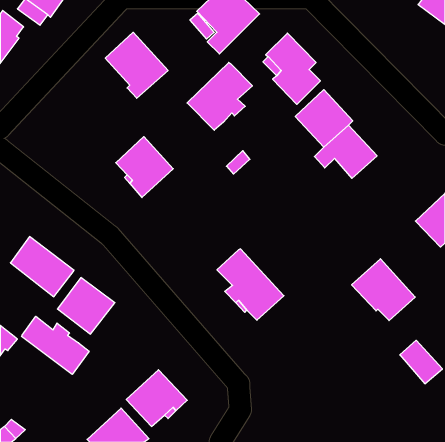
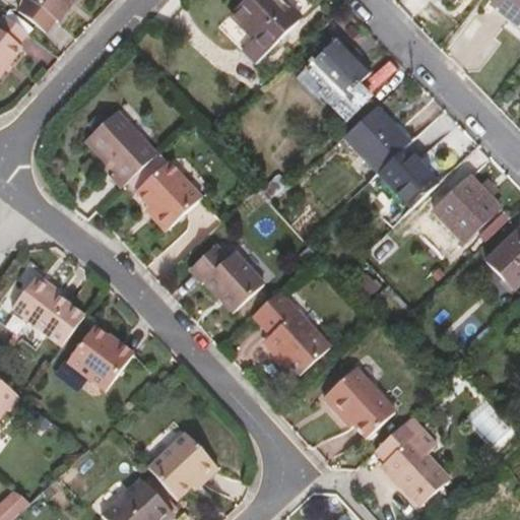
building: [105,32,168,98] -> [85,109,158,186]
building: [187,62,252,130] -> none
building: none -> [429,175,501,243]
building: none -> [189,244,265,312]
building: [352,259,415,321] -> [323,366,397,438]
building: [22,316,89,374] -> none
building: none -> [376,415,450,506]

